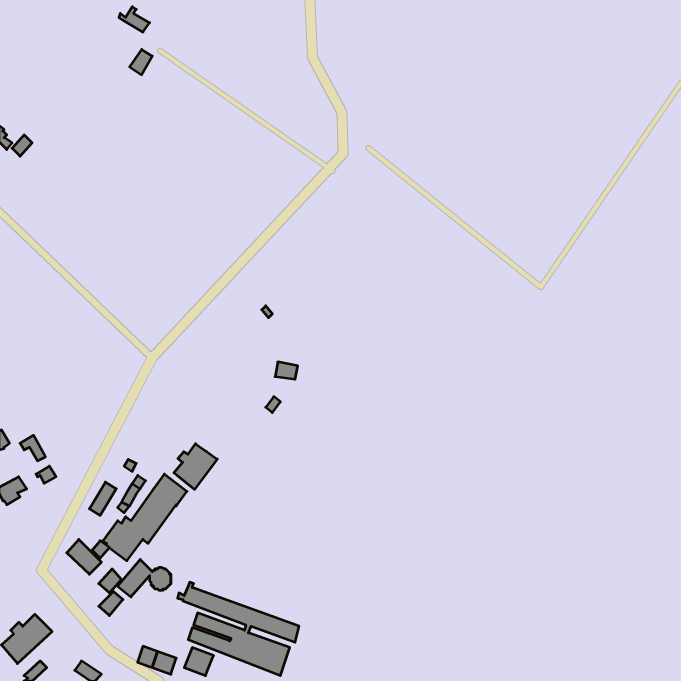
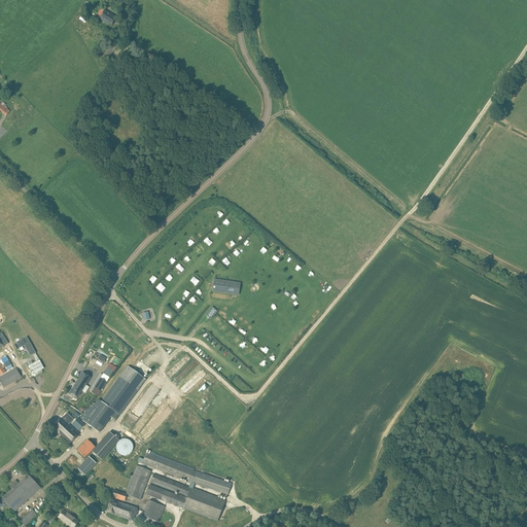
building: [174,444,217,489] -> none
building: none -> [111,464,150,500]

